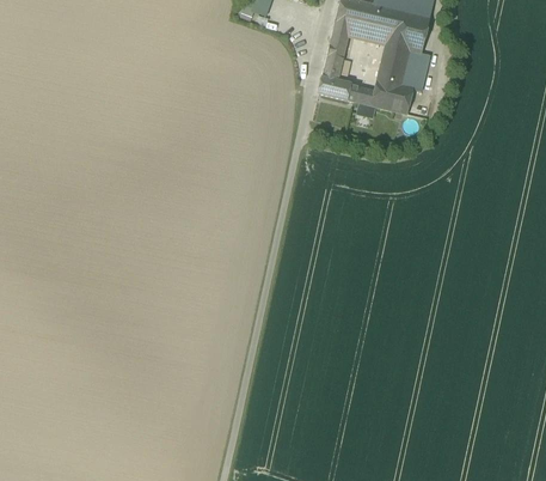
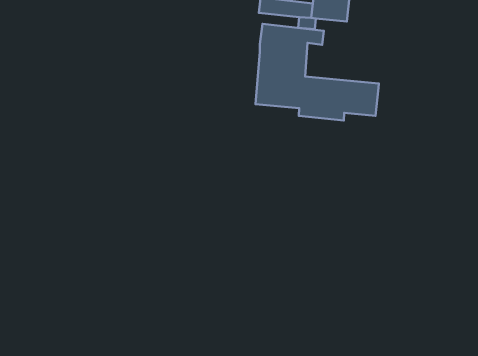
building: none -> [256,24,379,120]

